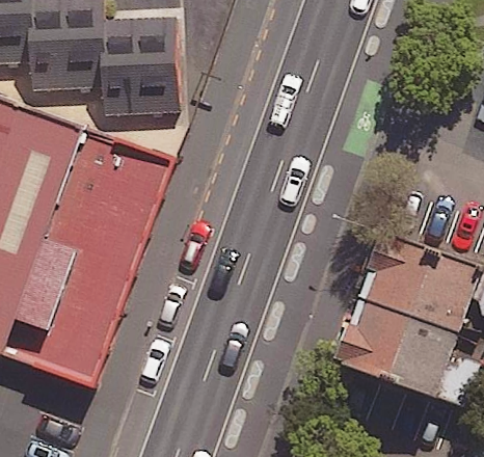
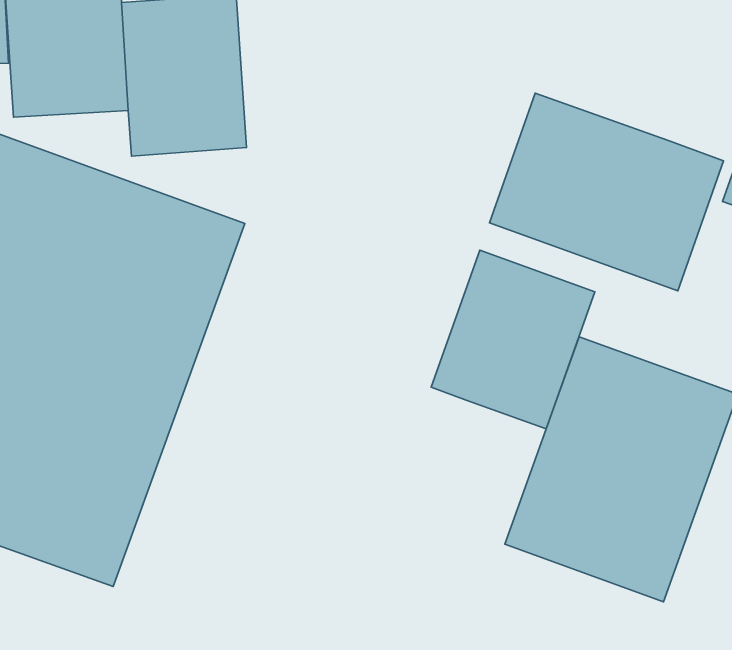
building: none -> [489,93,724,291]
building: none -> [431,250,595,429]

